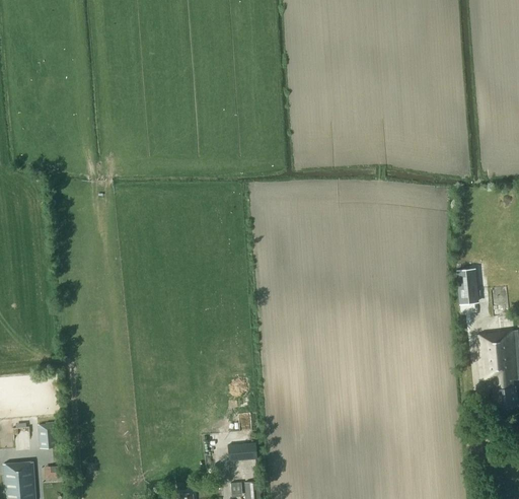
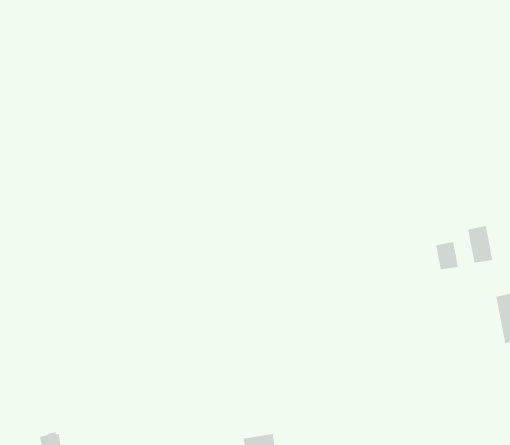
building: none -> [435,241,459,270]

